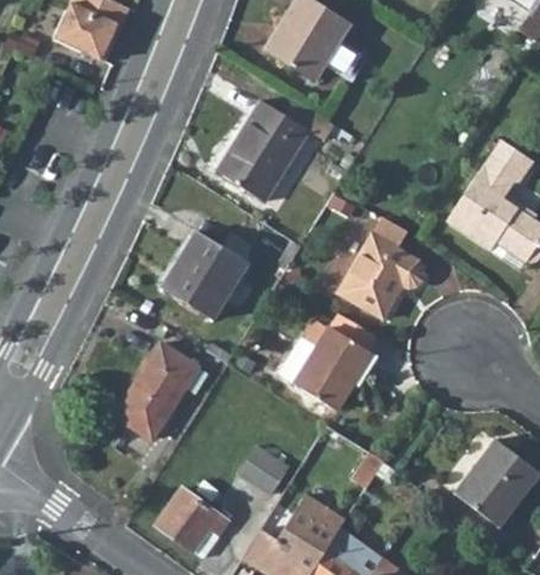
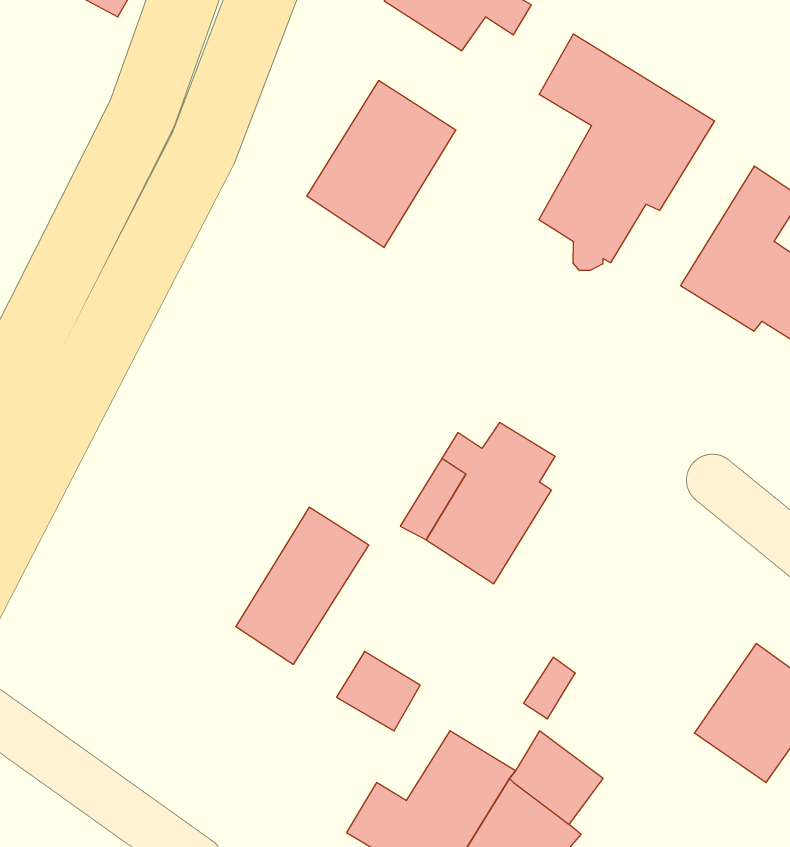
building: none -> [539,34,714,271]
building: [166,232,249,318] -> none
building: [338,234,422,310] -> none
building: [117,342,198,437] -> [236,507,369,664]
building: [156,487,230,557] -> none

